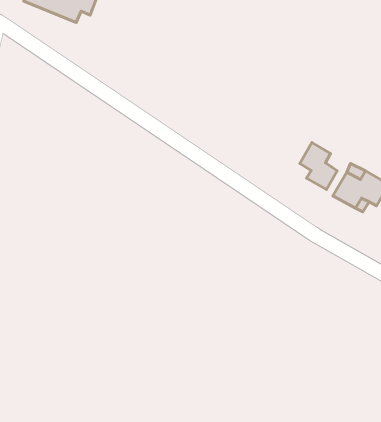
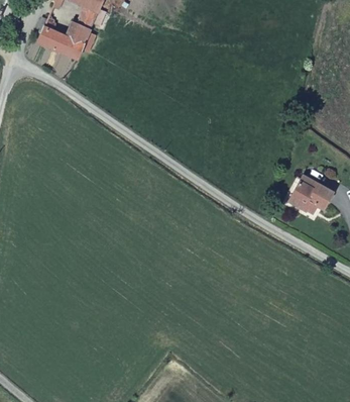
building: [300,142,337,190] -> none

